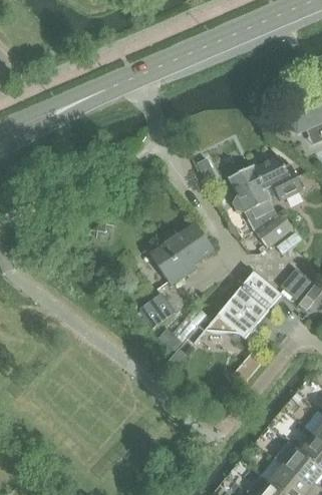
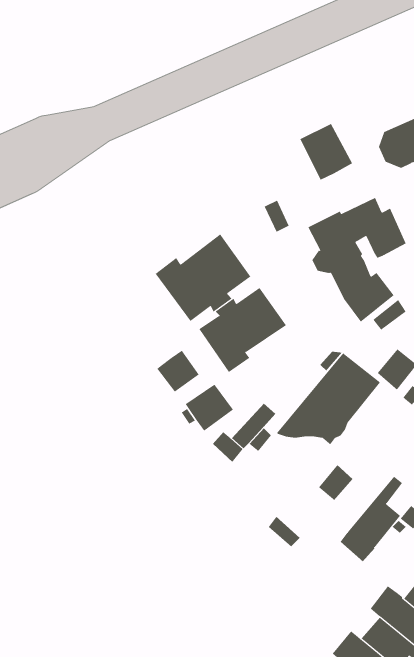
building: none -> [300,123,353,181]
building: none -> [155,233,251,322]
building: none -> [156,350,200,392]
building: none -> [340,476,403,562]

